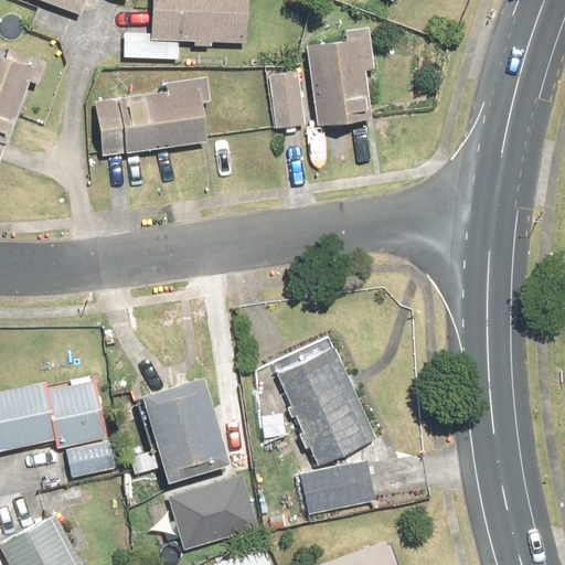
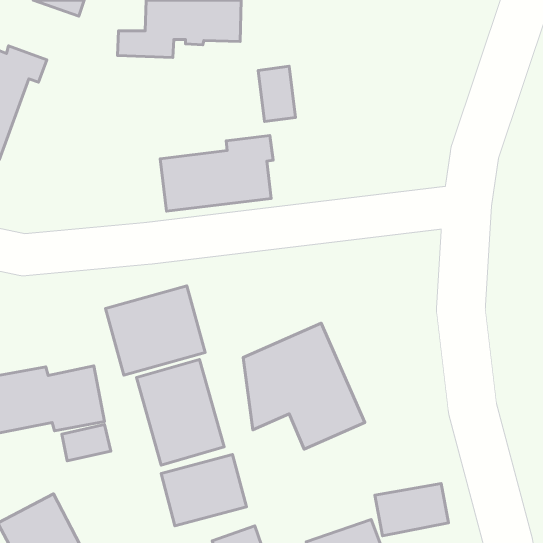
building: [305,25,375,126] -> none
building: [95,79,212,158] -> [160,135,273,211]
building: none -> [106,286,205,375]
building: [298,461,374,515] -> [375,483,449,536]

